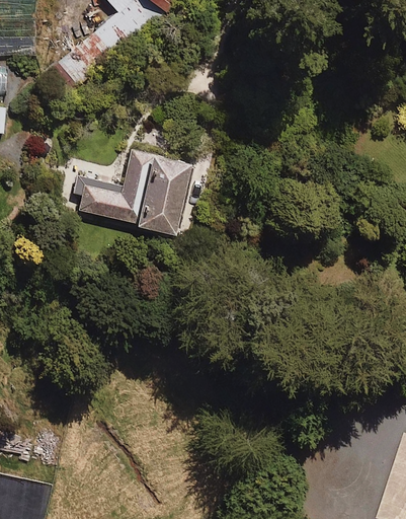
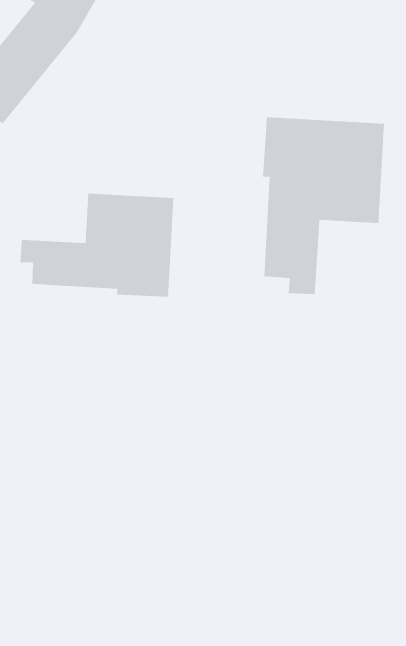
building: none -> [262,116,385,295]

